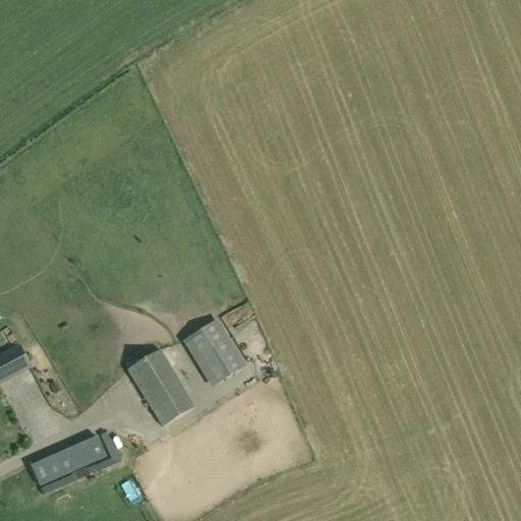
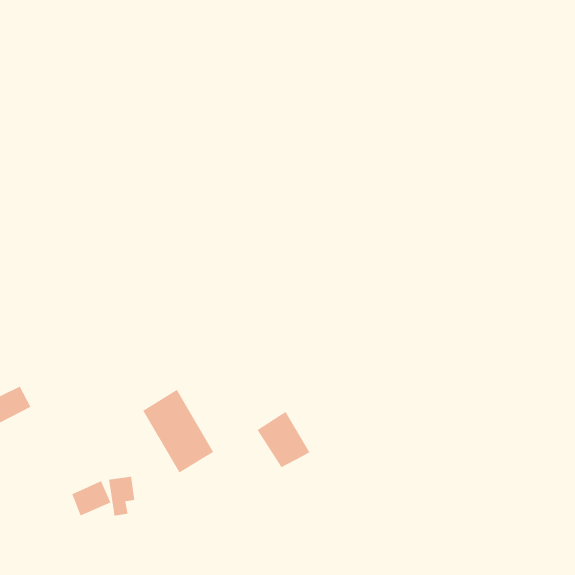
building: [191,331,240,383] -> [256,411,311,468]
building: [40,449,71,477] -> none

